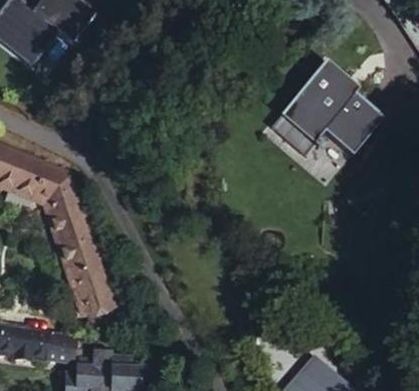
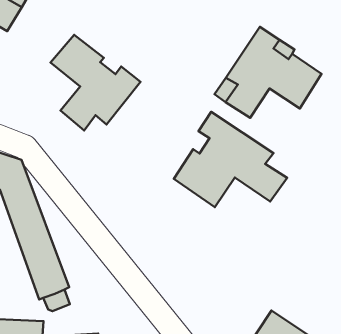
building: none -> [51,35,140,130]
building: none -> [174,112,287,207]

